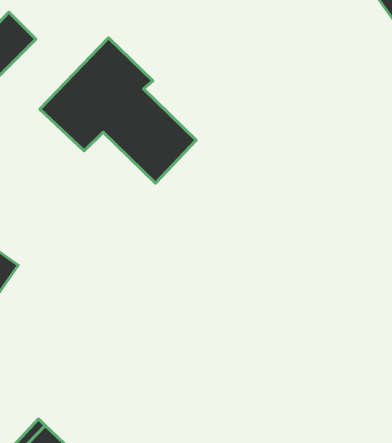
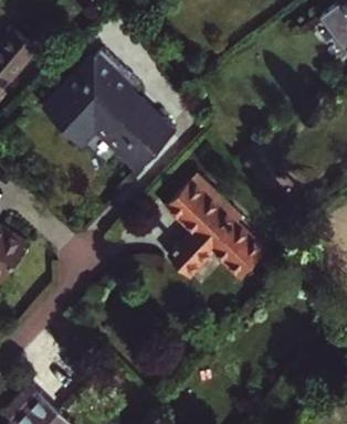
building: none -> [162,178,261,280]

